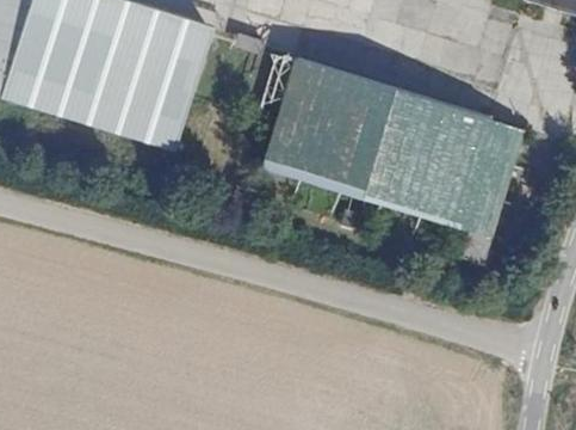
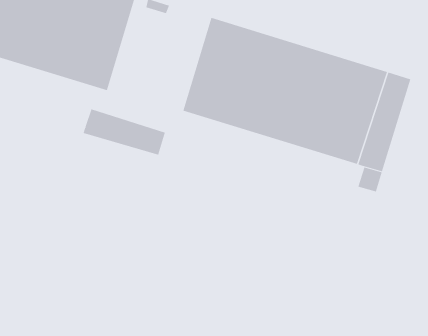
building: none -> [83,109,166,156]

